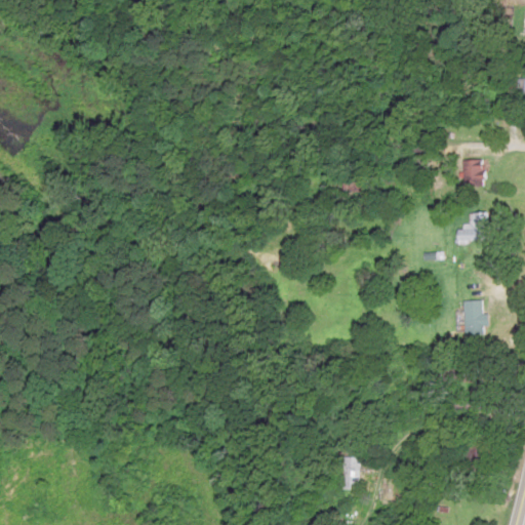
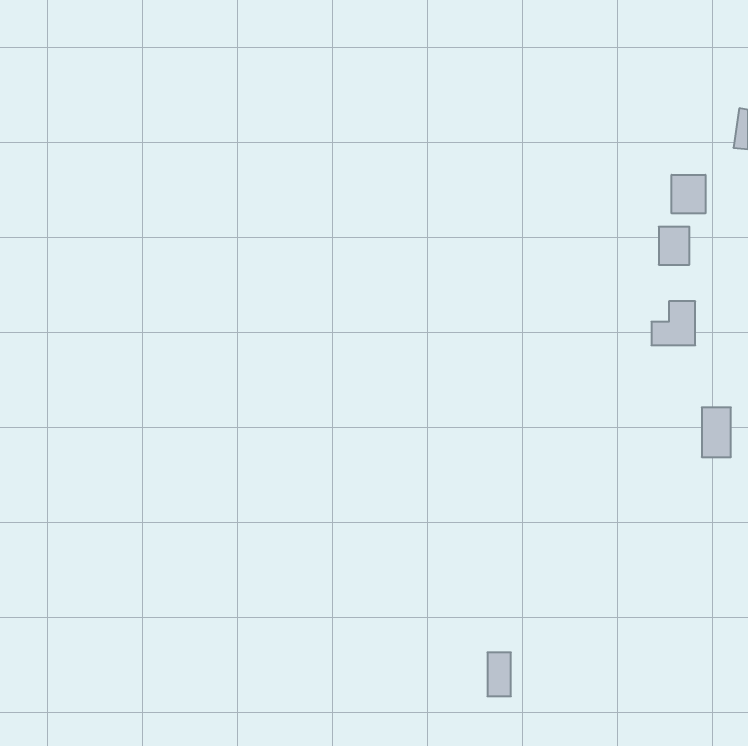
building: none -> [672,175,705,213]
building: [462,299,483,334] -> [702,407,731,457]

